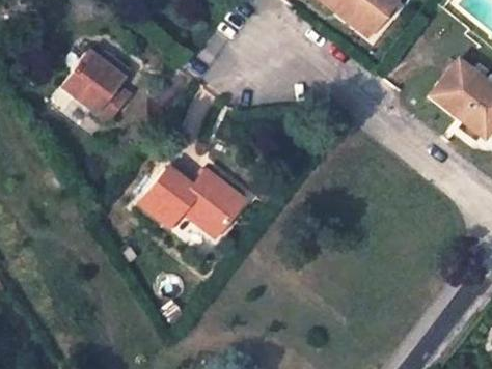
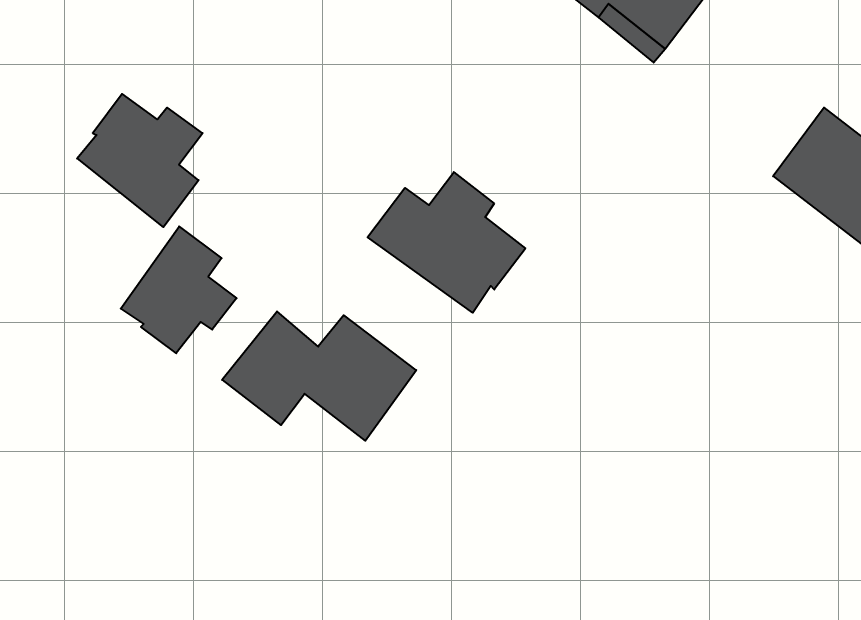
building: none -> [368,172,525,313]
building: none -> [121,226,237,353]

